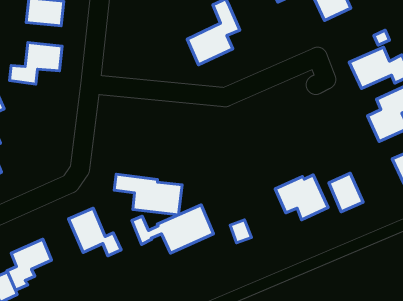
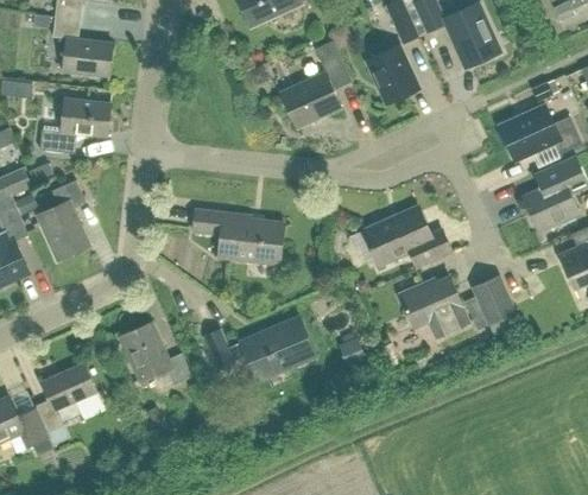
building: none -> [366,46,419,104]
building: none -> [37,180,90,261]
building: none -> [361,205,449,265]
building: [114,174,182,215] -> [192,209,284,264]

